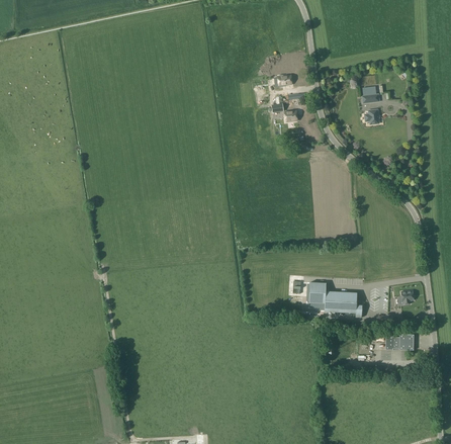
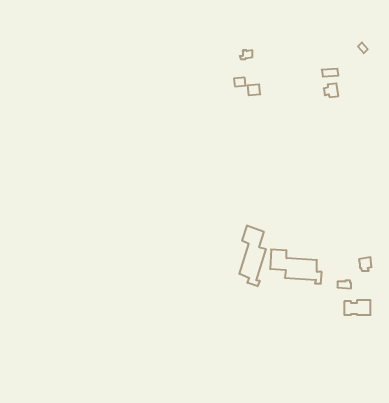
building: none -> [239,225,266,286]

